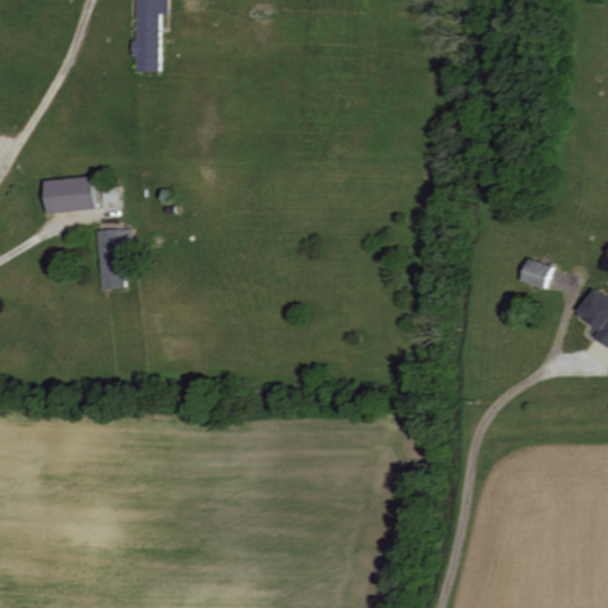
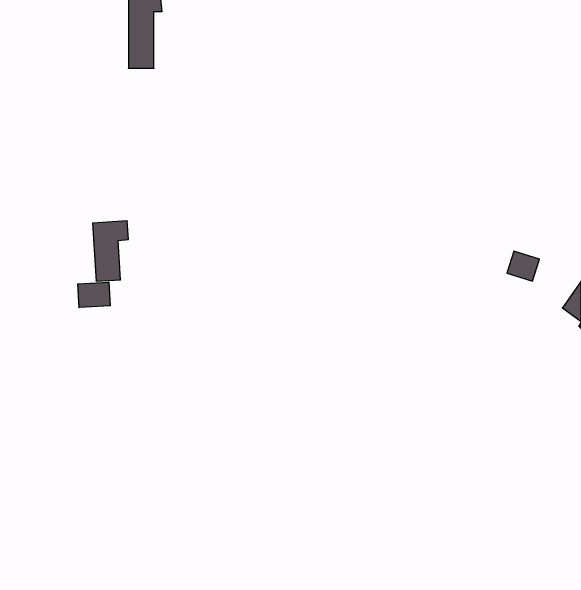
building: [46,176,97,213] -> none
building: none -> [78,282,110,308]

